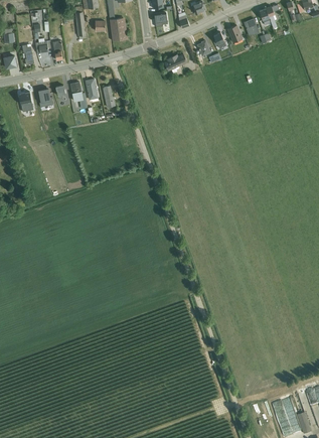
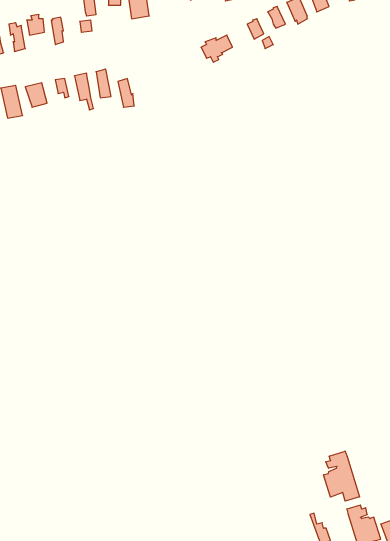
building: none -> [324,451,360,501]

